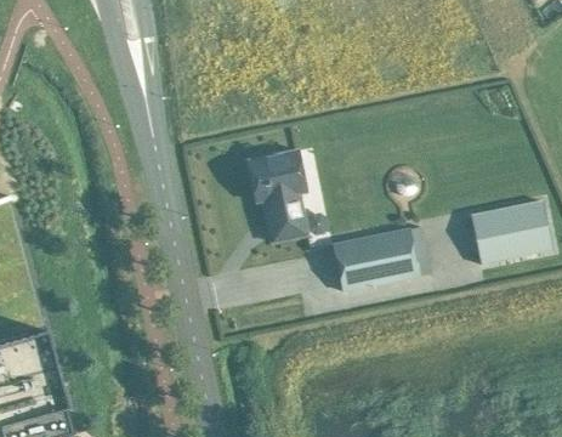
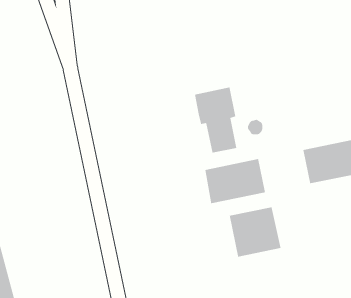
building: [249,148,308,240] -> [194,87,237,153]
building: none -> [229,207,281,257]

